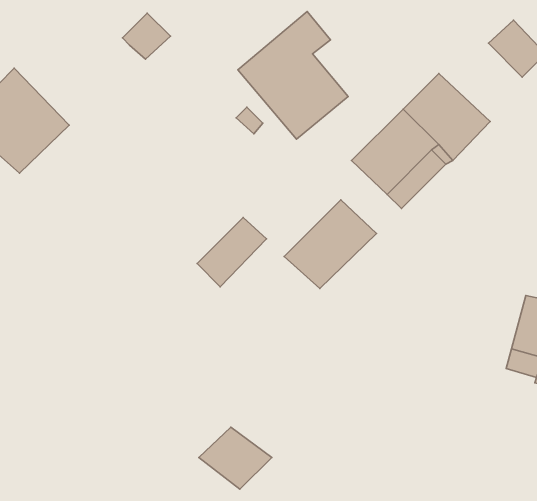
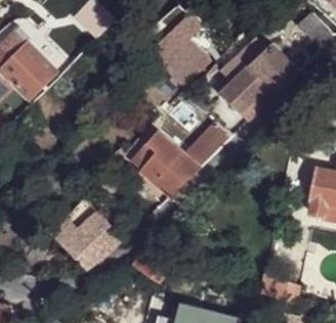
building: none -> [142,139,200,196]
building: none -> [51,200,122,269]

